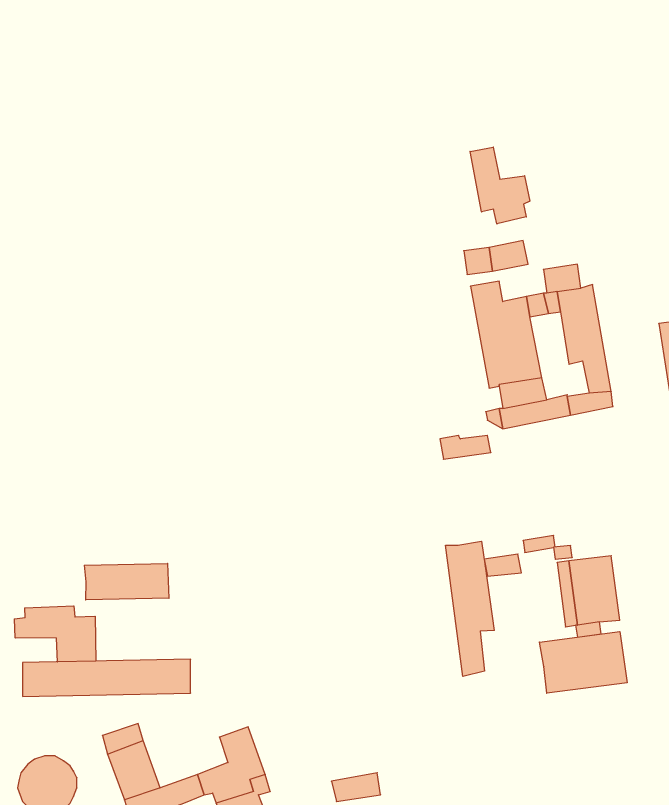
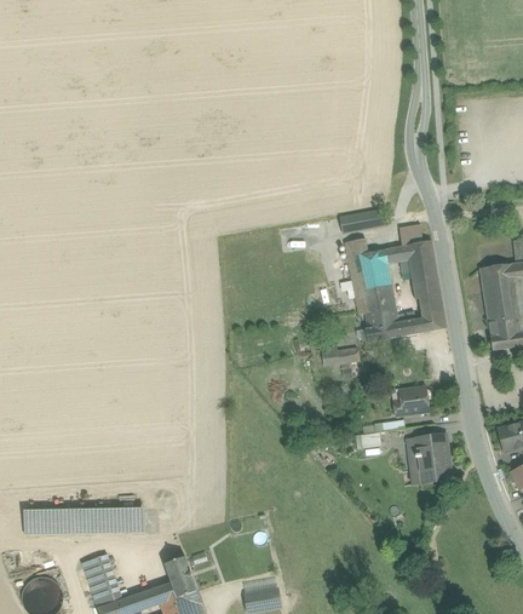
building: [470,147,530,224] -> none
building: none -> [393,386,430,415]
building: [446,541,494,676] -> none
building: [84,563,169,600] -> none
building: [14,606,96,662] -> none
building: [539,632,627,693] -> none

